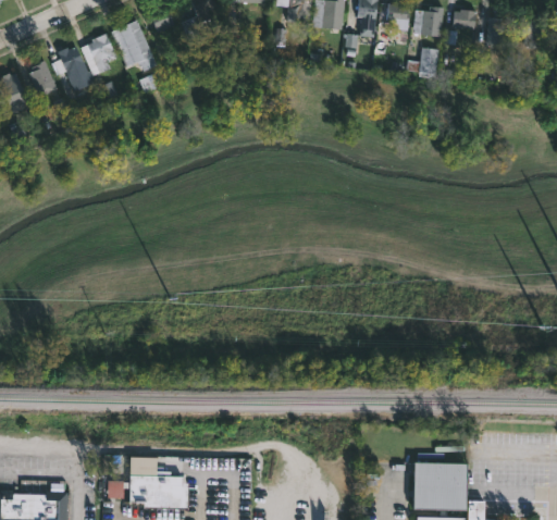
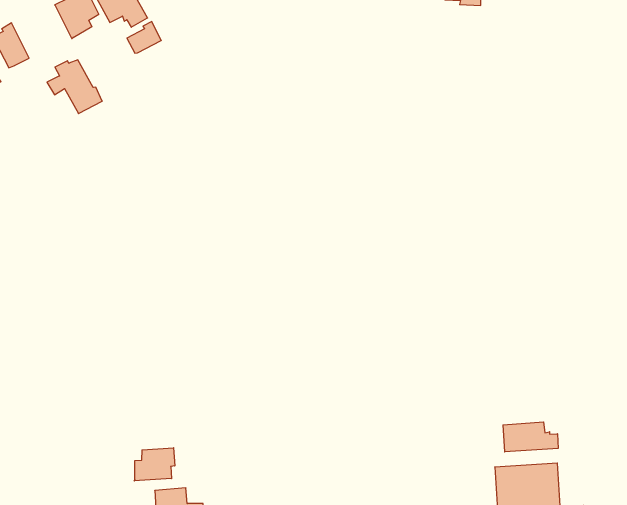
building: [49,48,94,92] -> [47,60,102,114]
building: none -> [134,448,175,481]
building: none -> [503,422,558,452]

